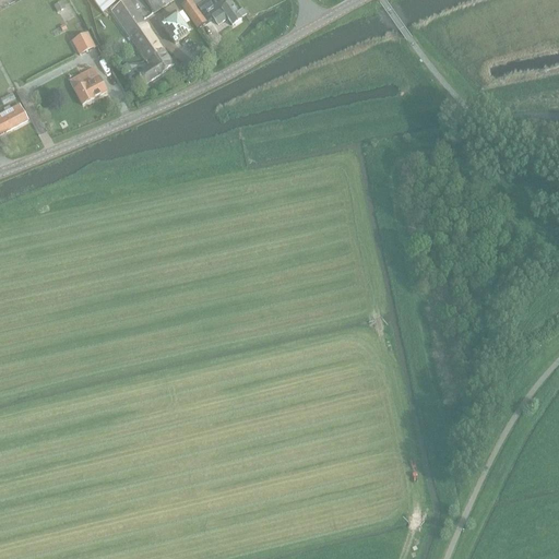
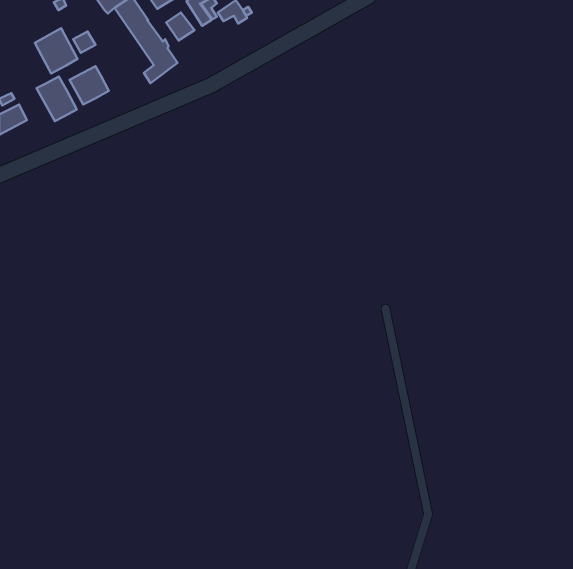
building: none -> [35,28,78,74]
building: none -> [37,76,77,121]

